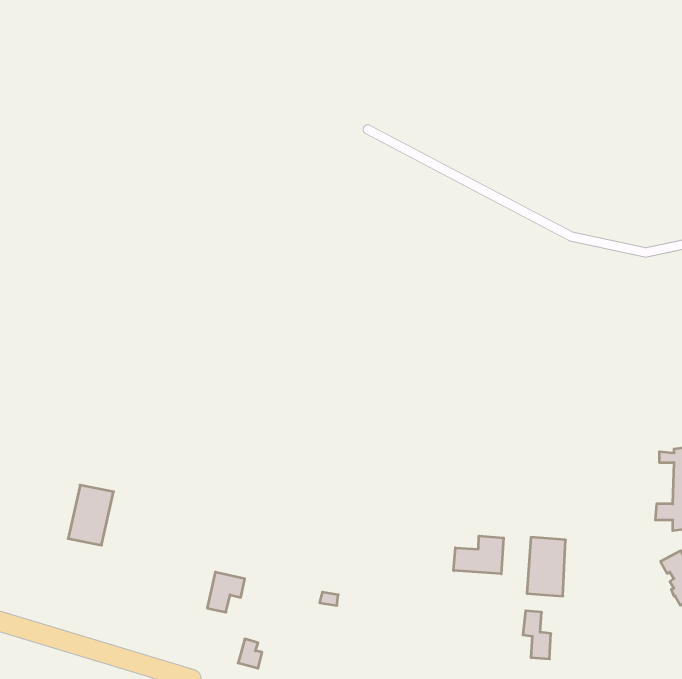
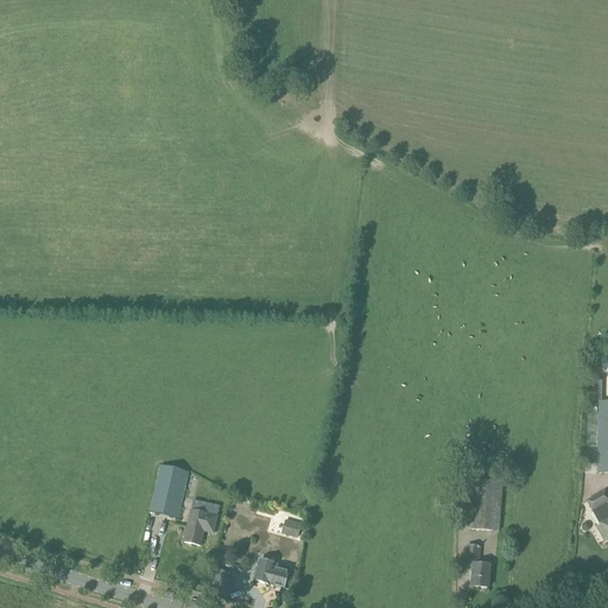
building: [68,485,114,545] -> [150,463,190,517]
building: [454,536,504,574] -> none
building: none -> [255,558,289,587]

